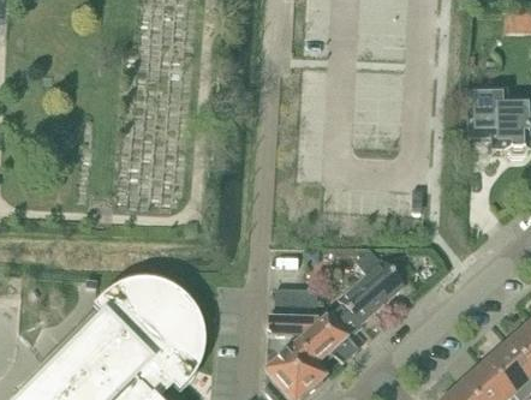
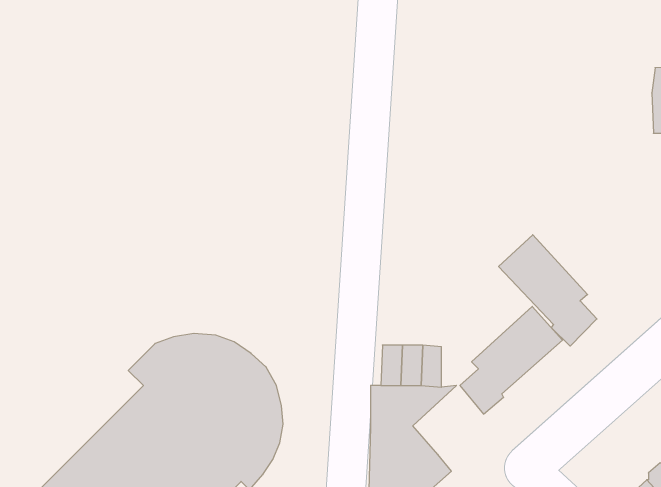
building: none -> [499,235,597,346]
building: [298,315,358,364] -> none

